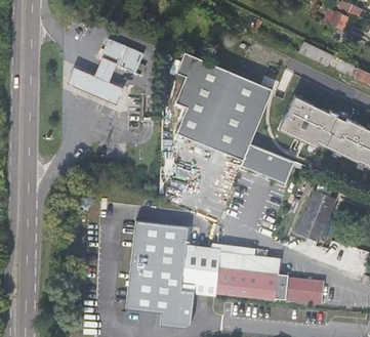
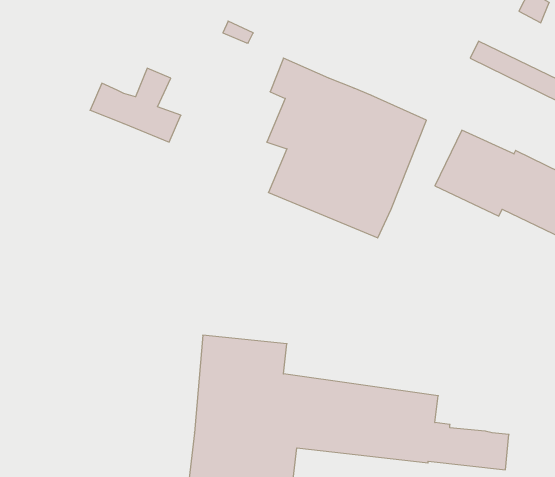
building: [100,38,142,72] -> none
building: [241,144,296,184] -> none
building: [298,192,334,246] -> none

